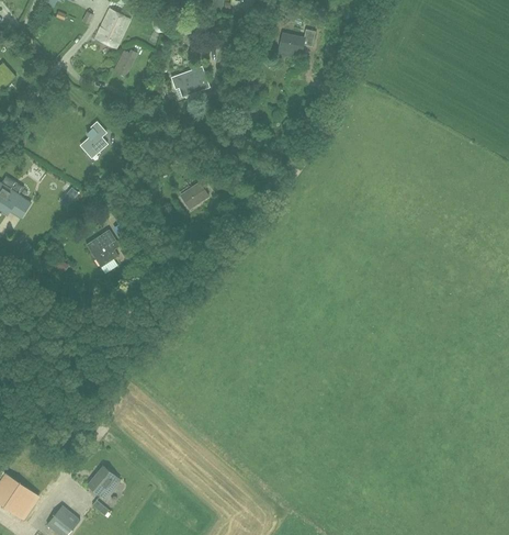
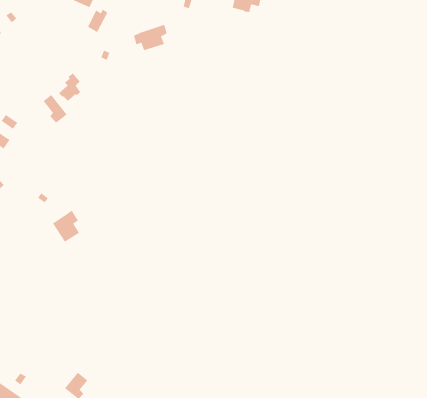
building: none -> [43,94,68,124]
building: [181,175,208,208] -> none
building: [86,230,117,267] -> [52,210,80,243]

